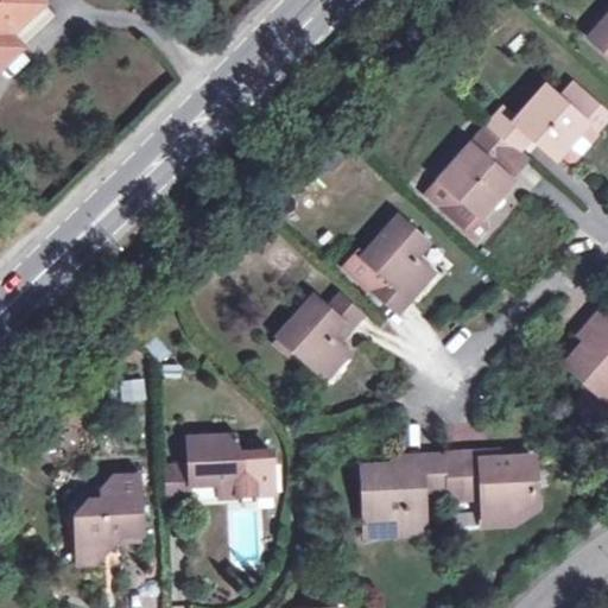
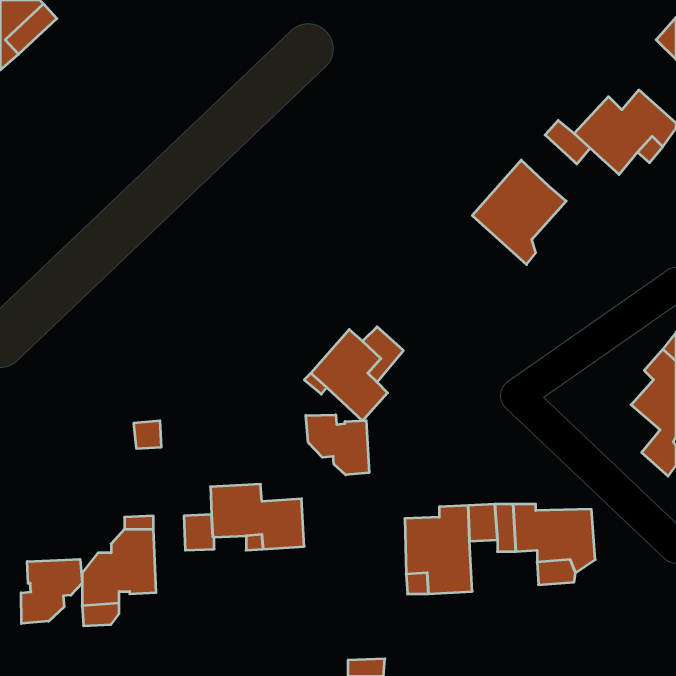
building: [468,121,515,167] -> none
building: [362,217,431,314] -> none
building: none -> [306,415,369,475]
building: none -> [21,559,82,624]

